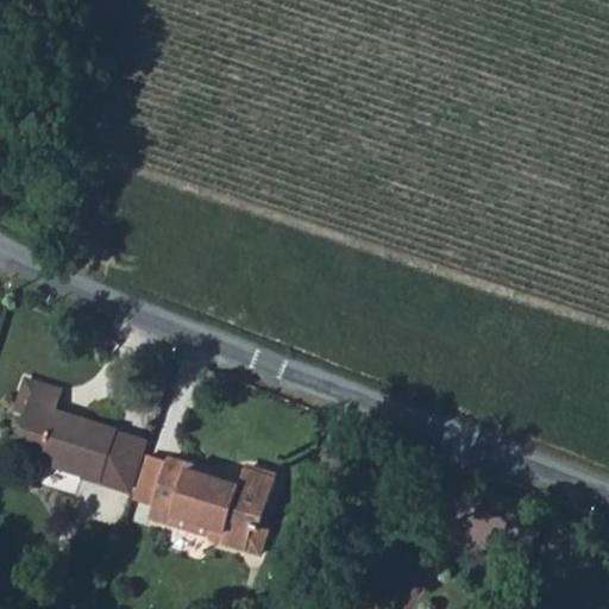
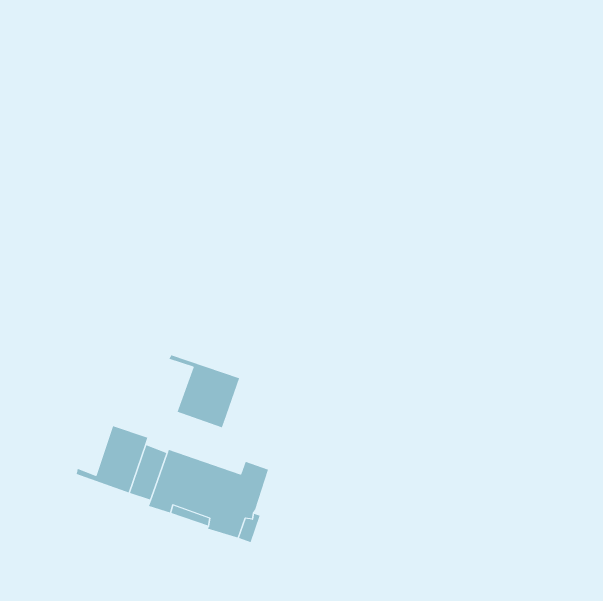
building: none -> [168,354,240,428]
building: [15,378,115,482] -> none

